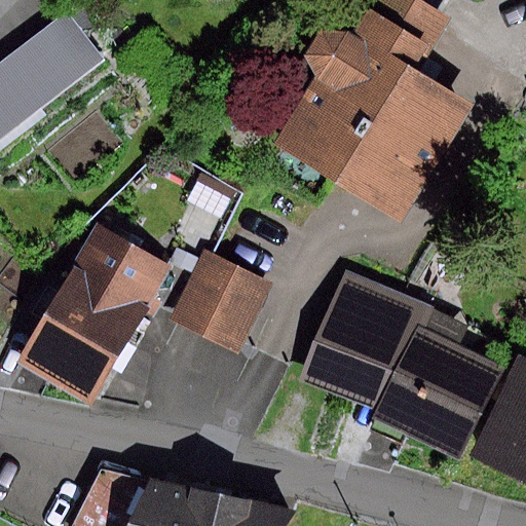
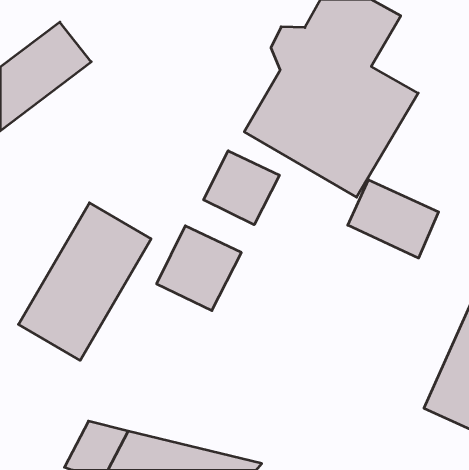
building: none -> [204,151,279,225]
building: none -> [348,180,439,258]
building: [297,268,501,458] -> none

